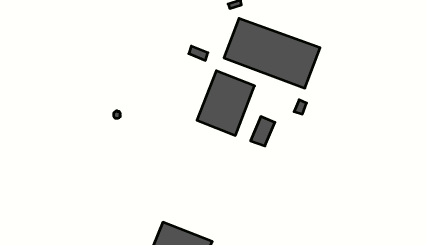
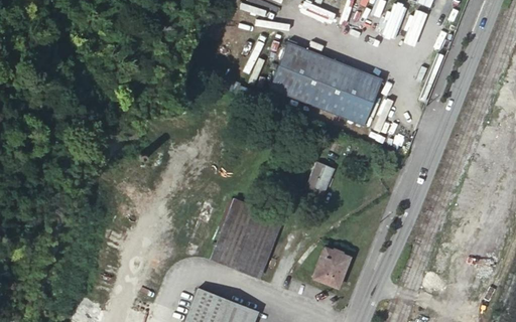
building: [197,71,255,135] -> [211,199,280,277]
building: none -> [314,248,350,287]

